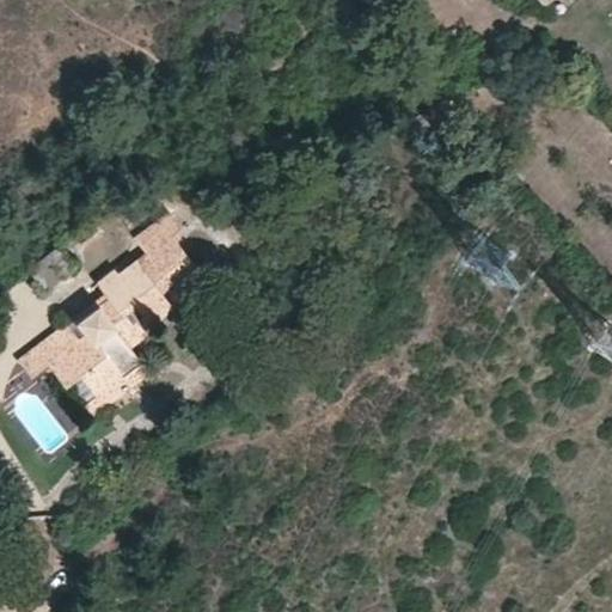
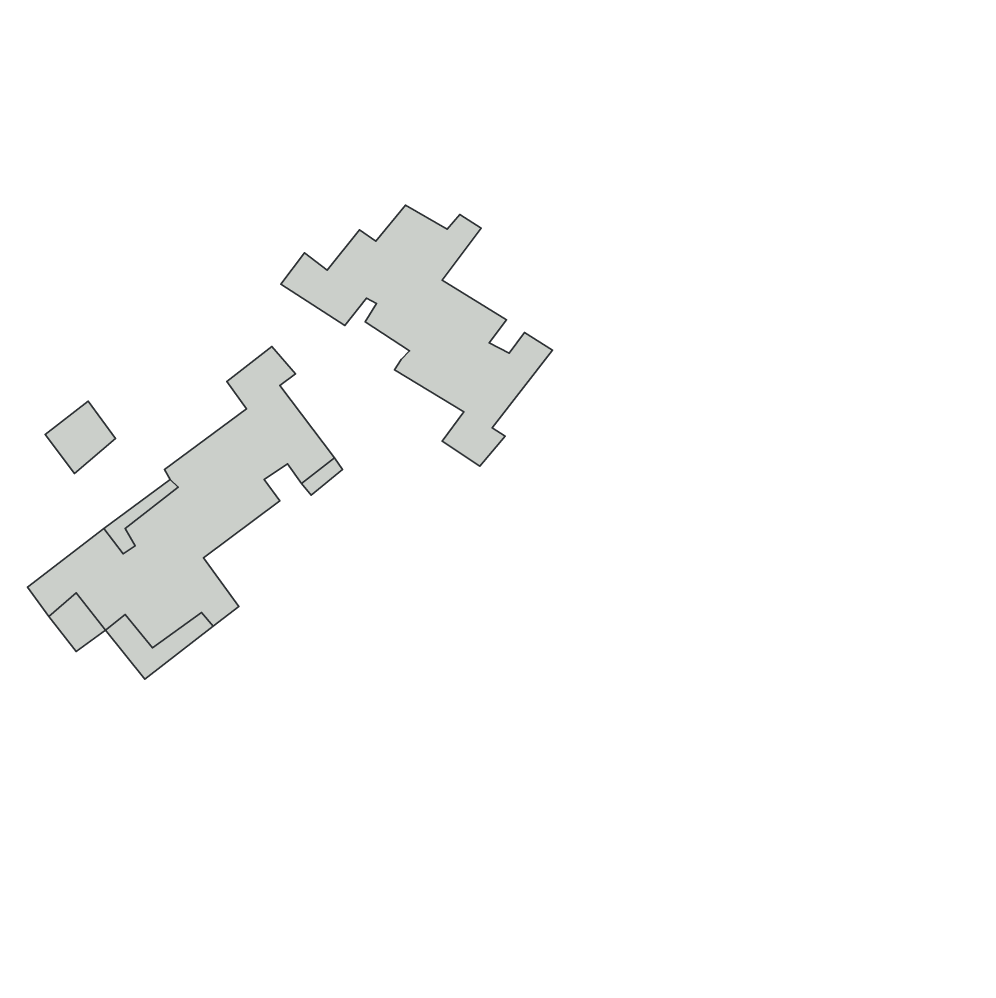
building: none -> [281,205,552,466]

